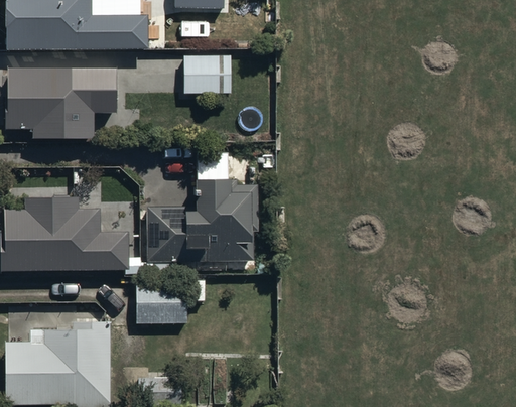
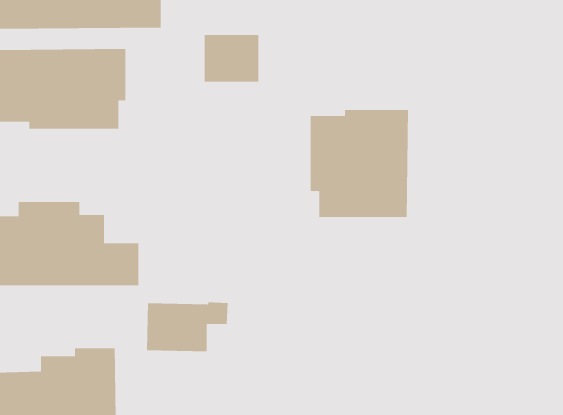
building: none -> [310,109,409,218]
building: [146,154,256,263] -> none

